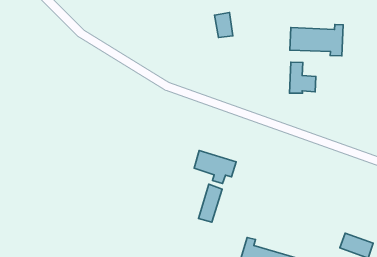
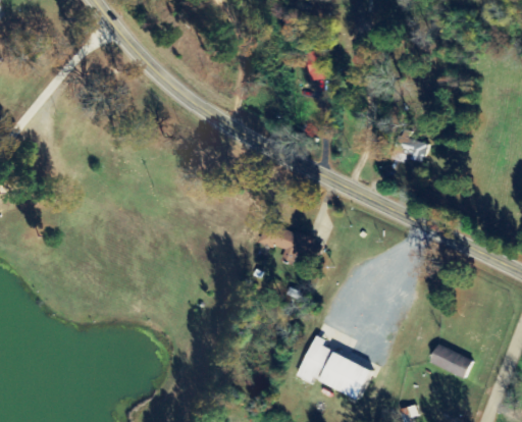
building: [290,24,343,56] -> none
building: [198,184,222,222] -> none

